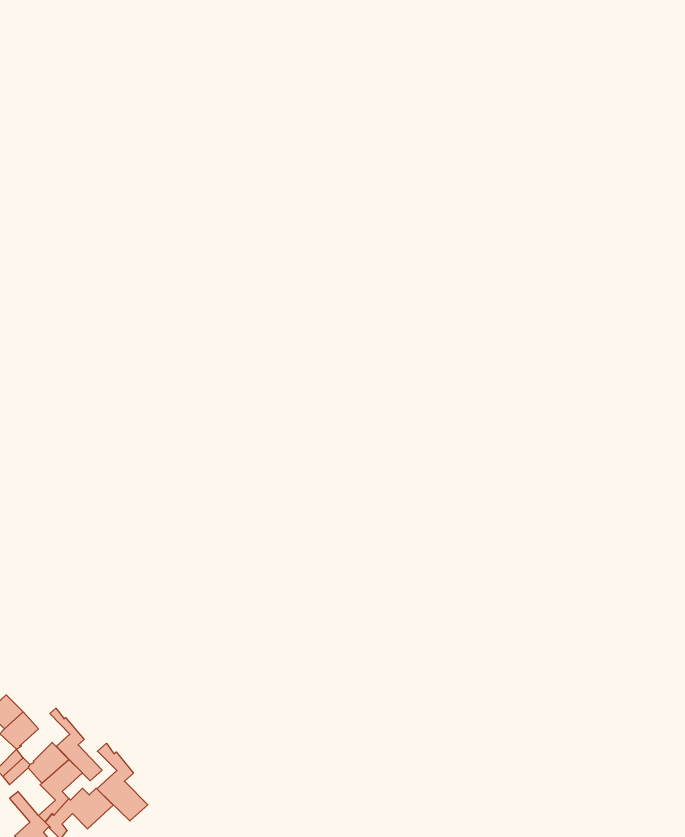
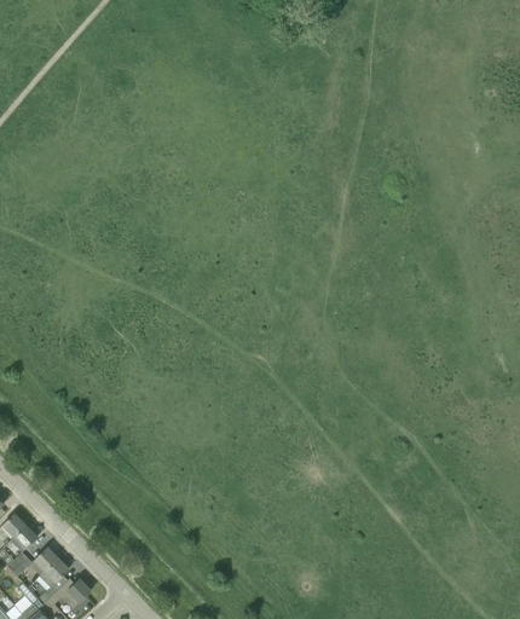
building: [50,708,102,781] -> none
building: [97,743,148,821] -> none

